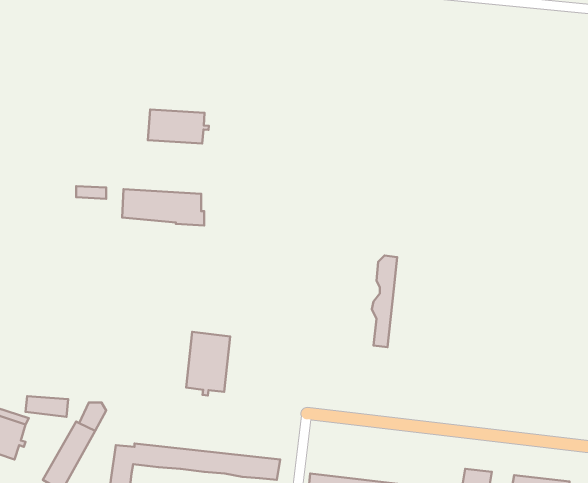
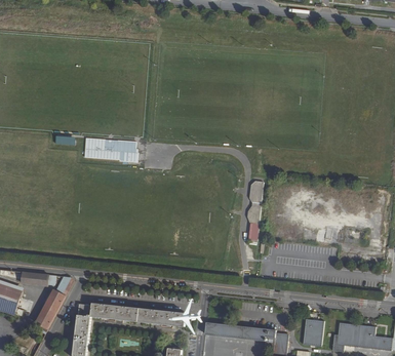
building: [148,109,209,144] -> none
building: [186,332,230,395] -> none

